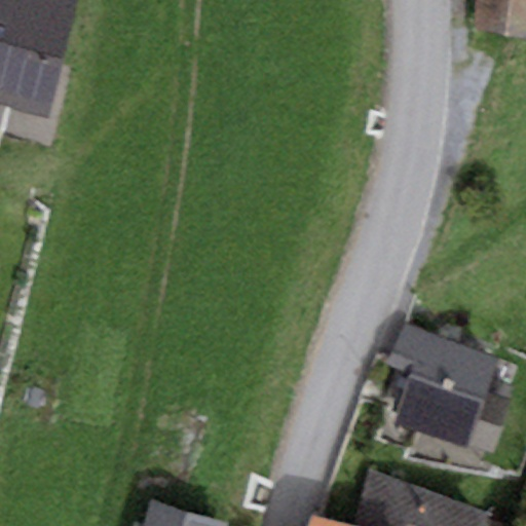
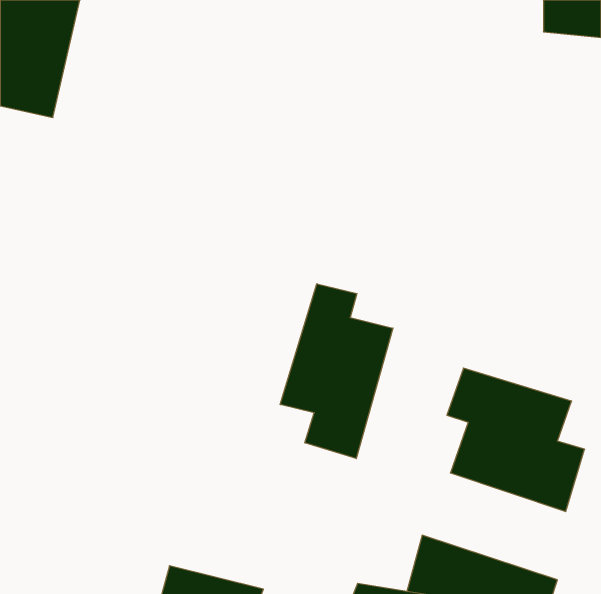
building: none -> [280,284,393,459]

